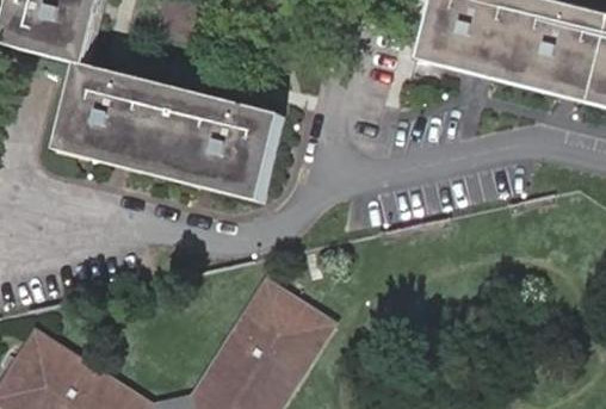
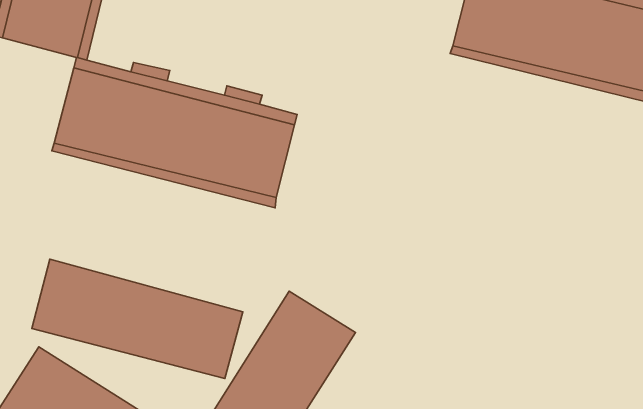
building: none -> [32,259,243,378]

